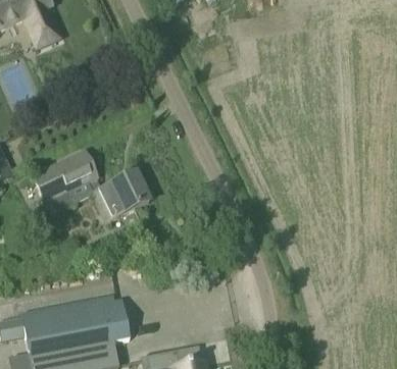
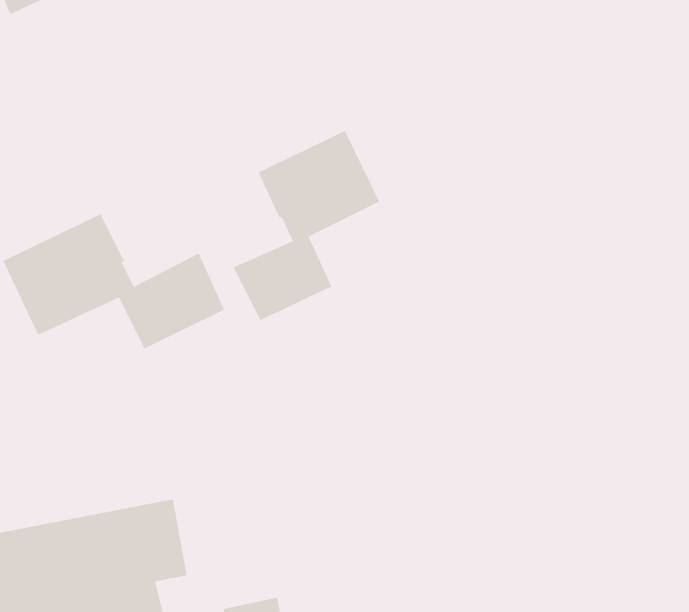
building: none -> [233,130,380,321]

